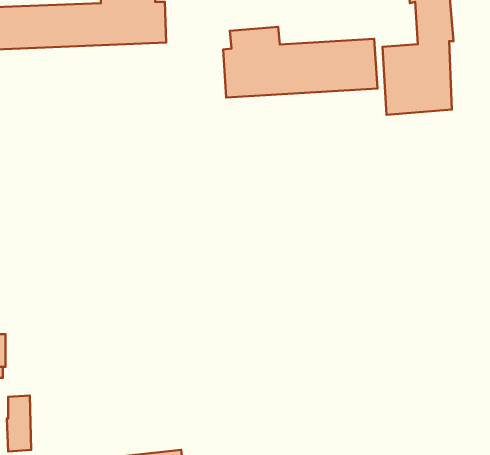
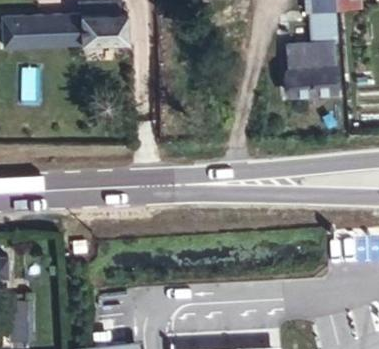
building: [223,27,378,97] -> none

